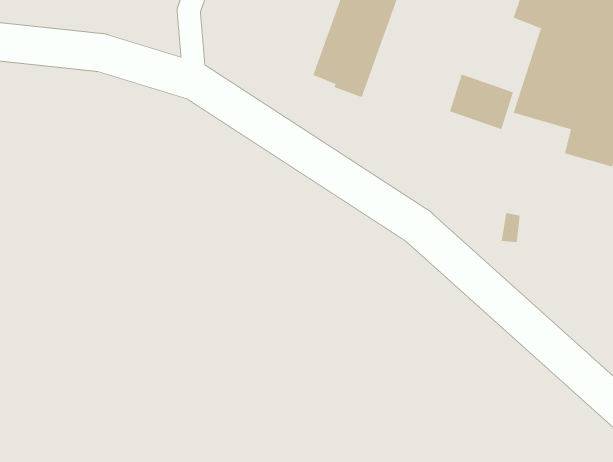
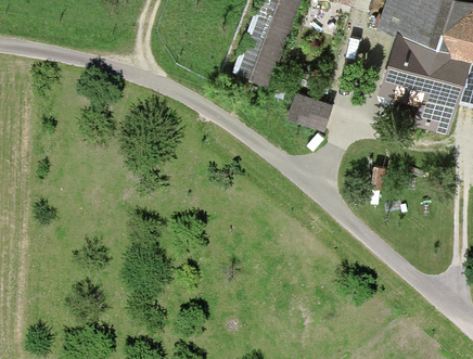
building: [449,74,514,130] -> [287,93,334,133]

